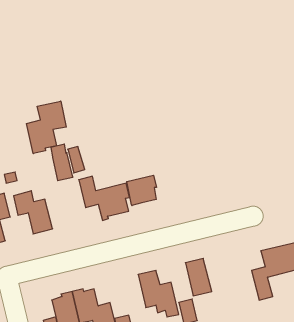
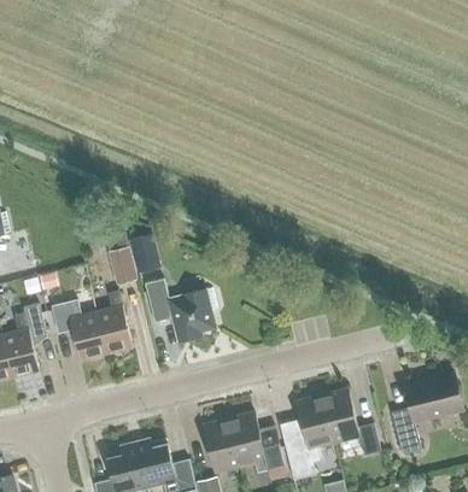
building: [27,101,66,154] -> none
building: [127,175,156,206] -> none
building: none -> [96,291,133,353]
building: none -> [322,390,381,456]
building: none -> [203,418,240,473]

